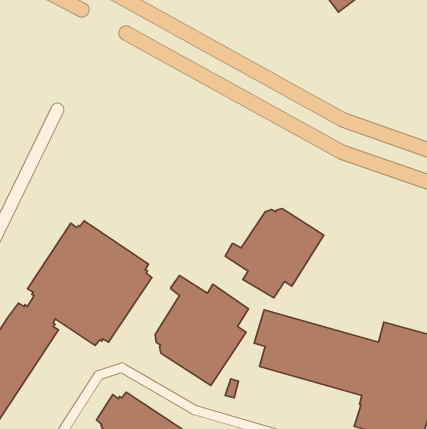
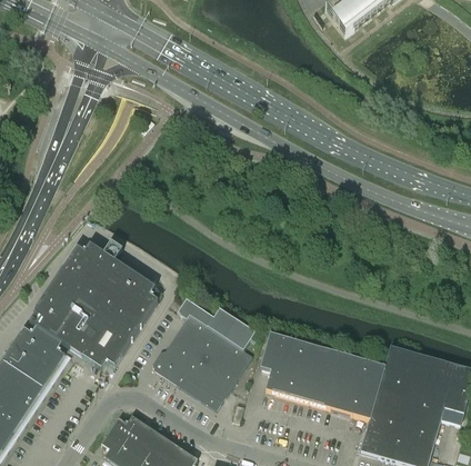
building: [225,208,324,298] -> none

